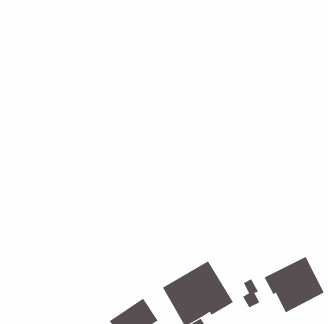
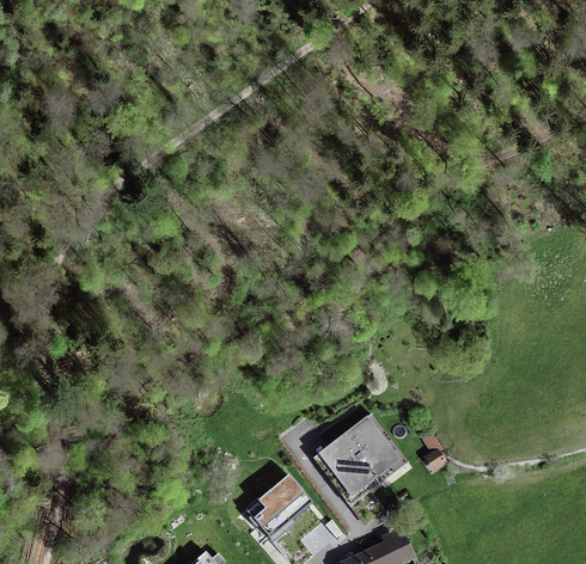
building: [264,256,324,313] -> none

